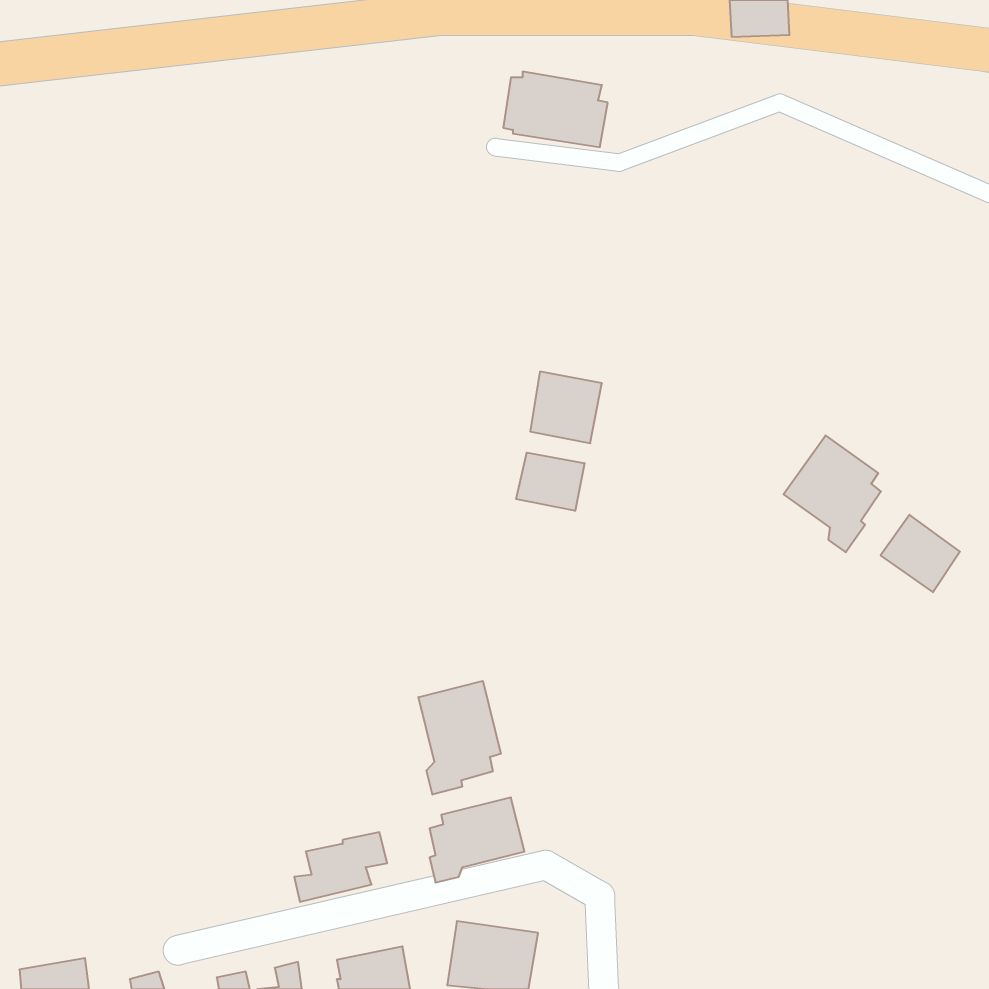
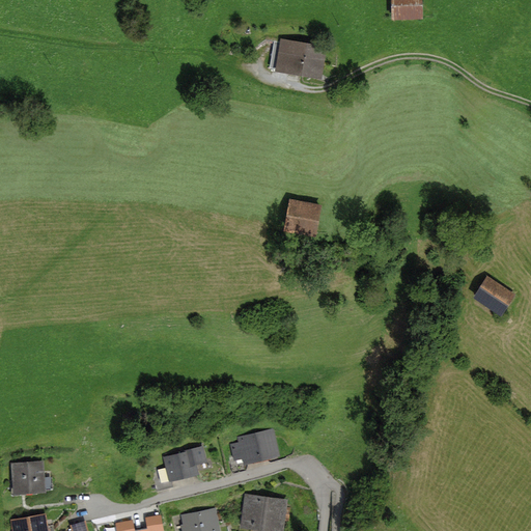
building: [784,435,881,552] -> none
building: [516,453,584,511] -> none
building: [418,681,501,795] -> none
building: none -> [10,459,52,495]

